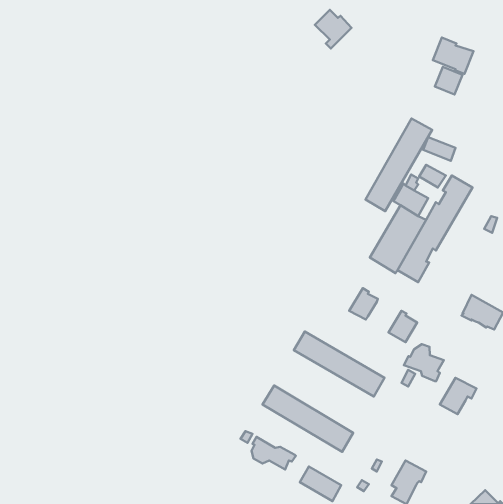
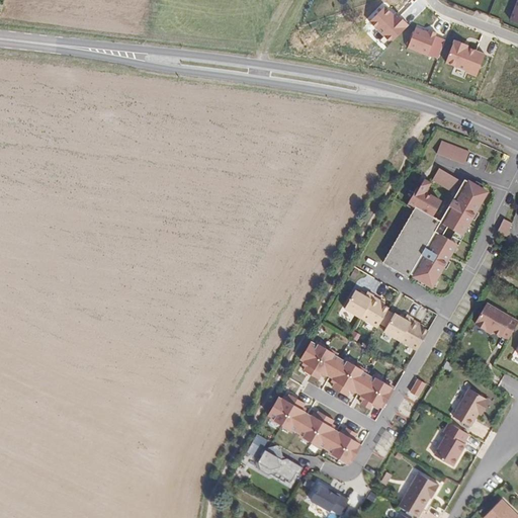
building: [315,10,351,48] -> [370,5,408,45]
building: [435,67,462,94] -> [408,26,436,55]
building: [365,119,432,211] -> none
building: none -> [341,288,372,319]
building: none -> [377,310,413,341]
building: [404,344,444,381] -> none
building: none -> [433,421,467,464]

